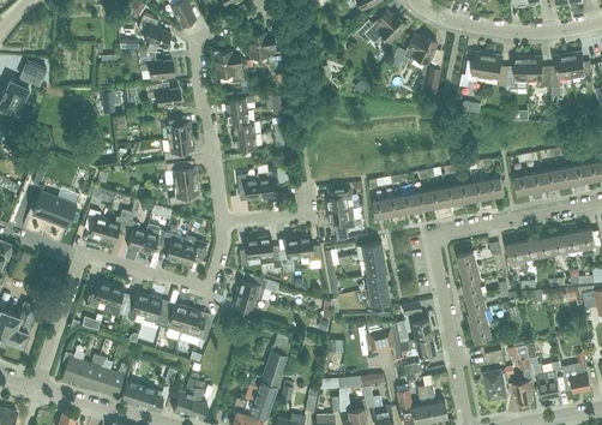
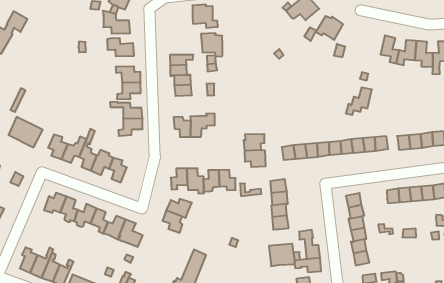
building: [213,52,242,80] -> [201,33,222,56]
building: [459,53,489,88] -> [346,88,372,115]
building: [177,235,206,267] -> none

